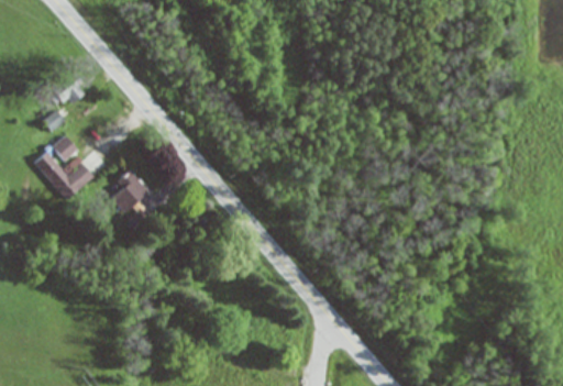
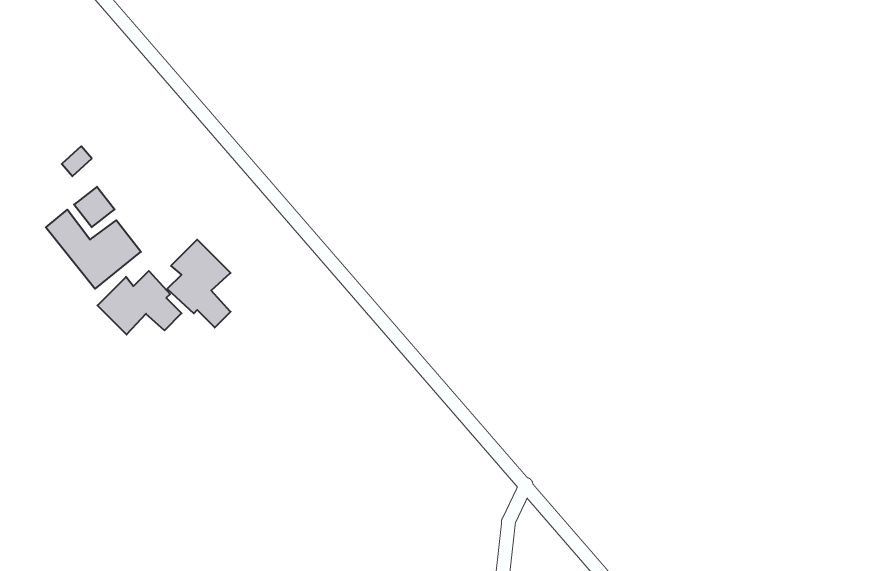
building: none -> [97,271,182,335]

